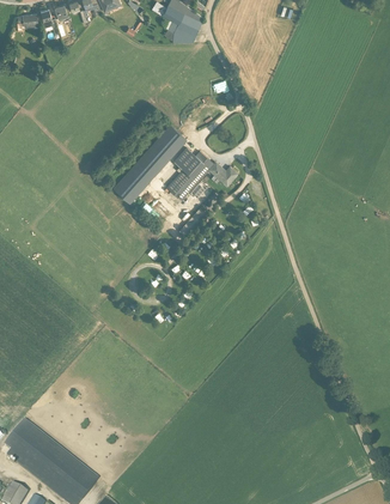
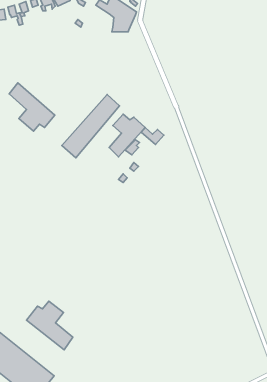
building: none -> [9,83,55,131]
building: none -> [27,301,73,350]

